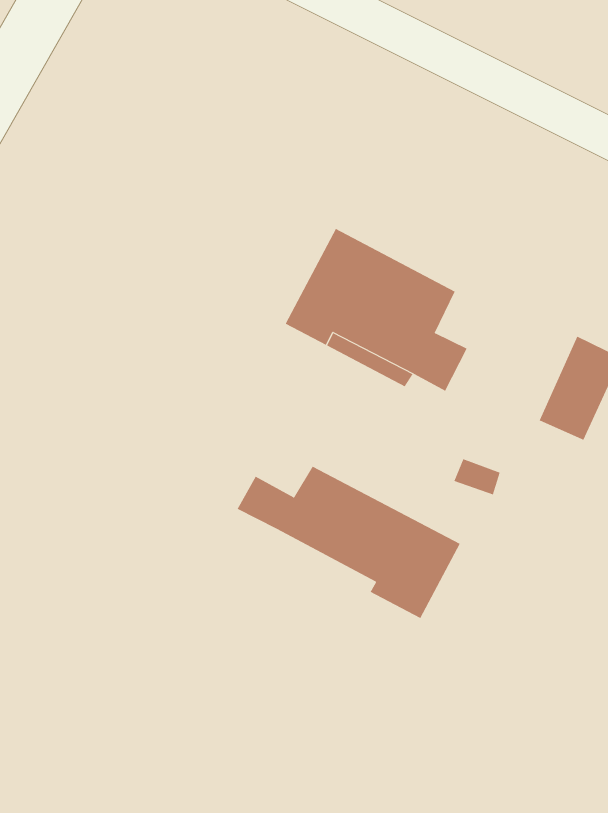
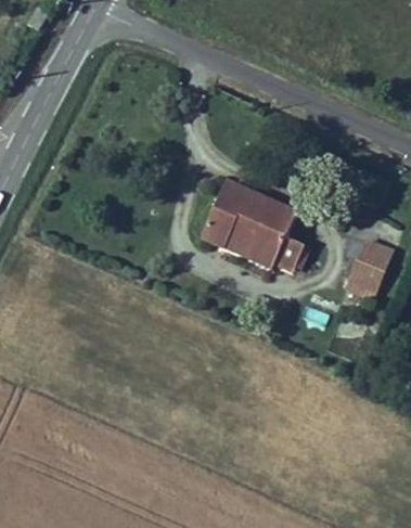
building: [237,466,460,619] -> none

